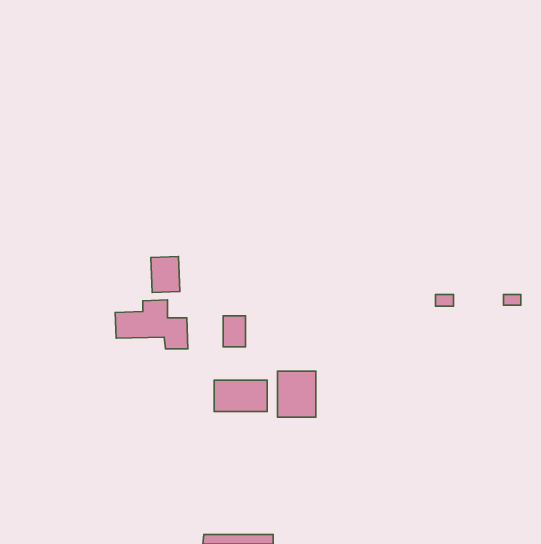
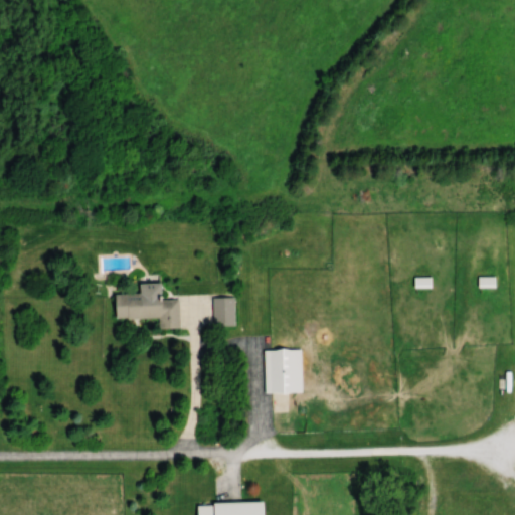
building: [151,257,180,293] -> none
building: [214,380,267,411] -> none

